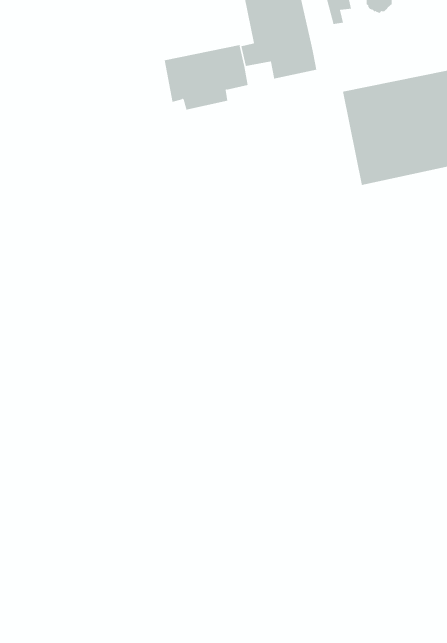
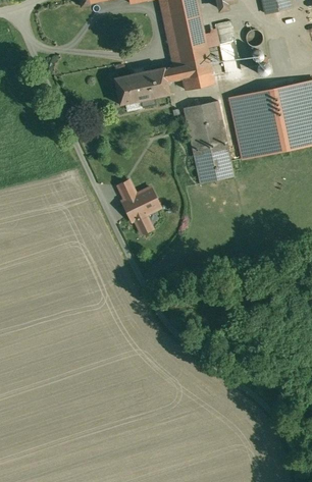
building: none -> [183,100,233,182]
building: none -> [121,186,159,232]

